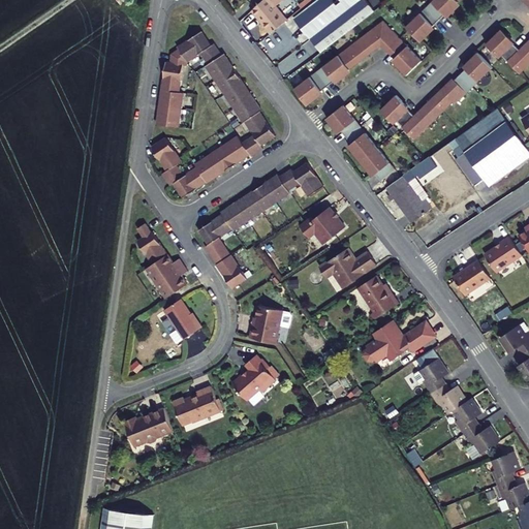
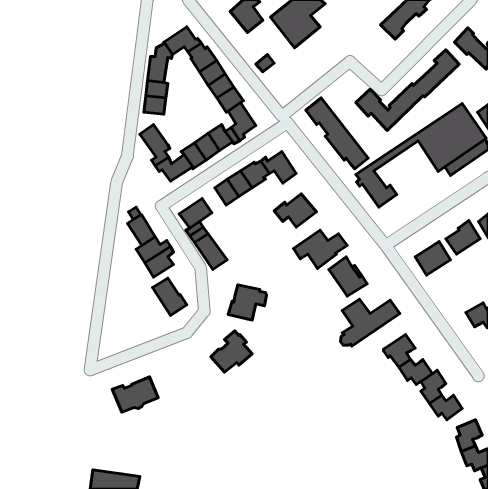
building: [298,21,426,106] -> none
building: [217,203,244,230] -> none
building: [169,385,217,424] -> none

